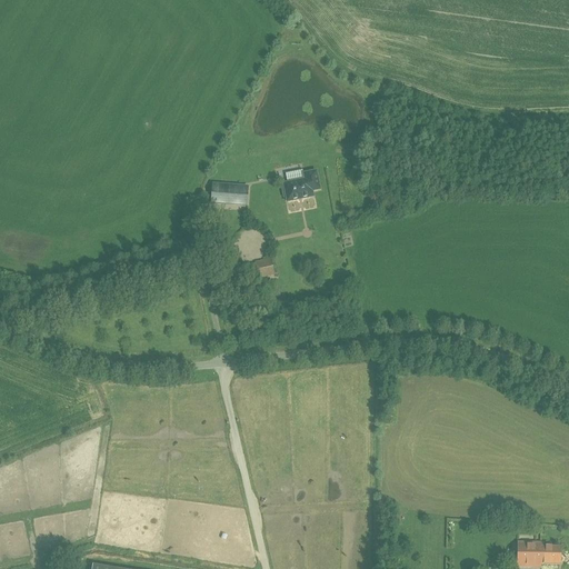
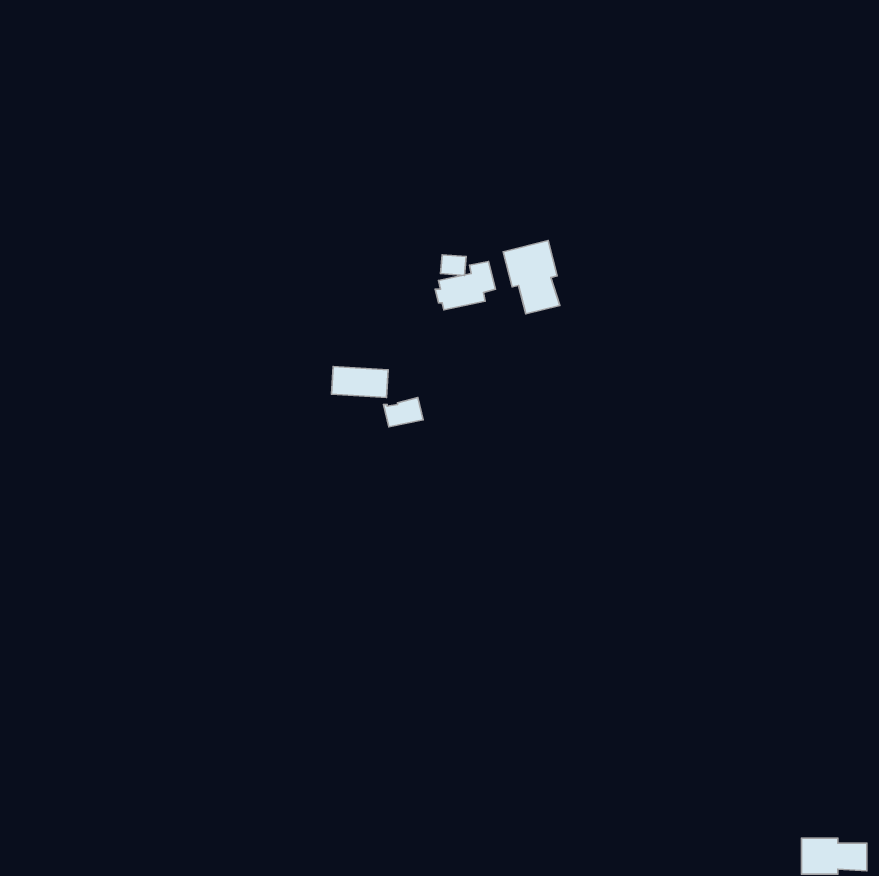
building: none -> [503,240,560,314]
building: [211,183,248,203] -> [332,366,388,397]

